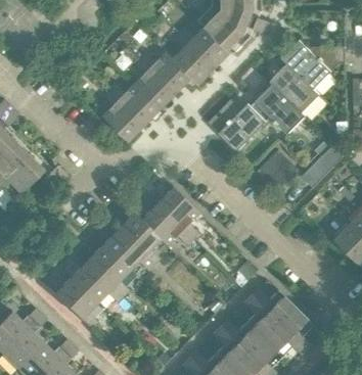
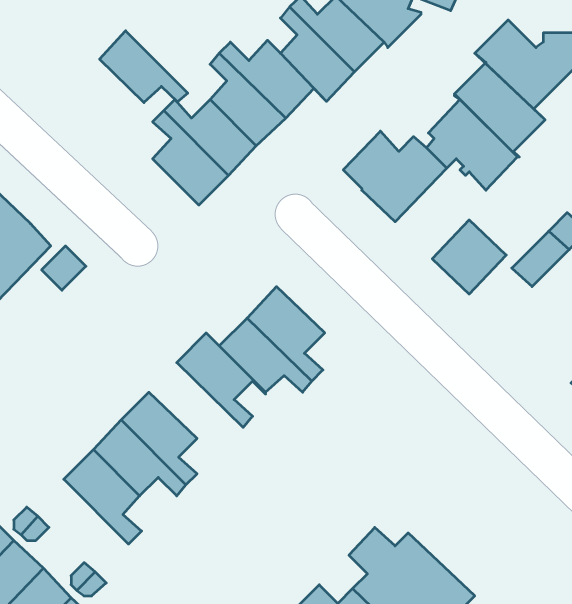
building: none -> [100,31,188,103]
building: [100,229,152,271] -> none
building: [241,288,312,358] -> none

